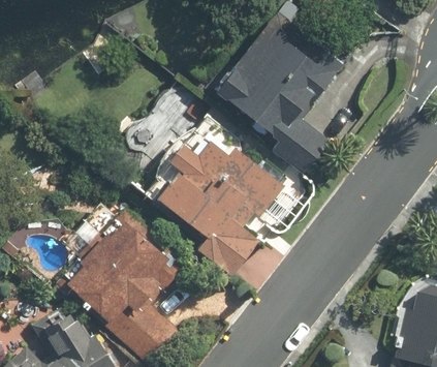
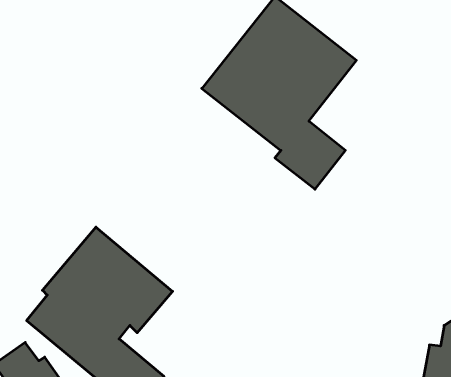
building: [155,141,287,278] -> none

